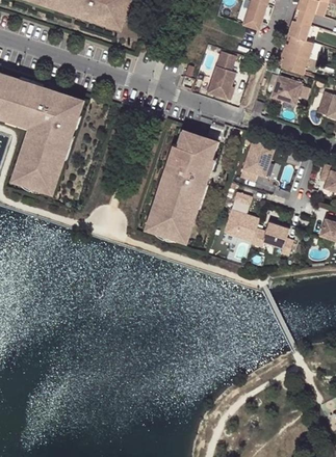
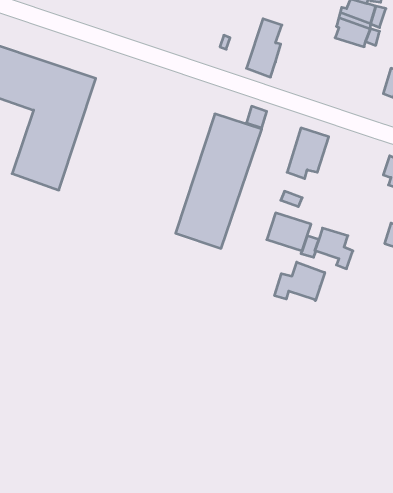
building: [268,75,302,106] -> none
building: none -> [275,262,325,301]

